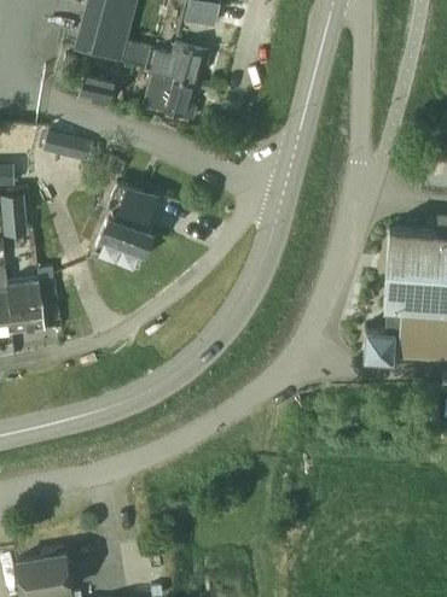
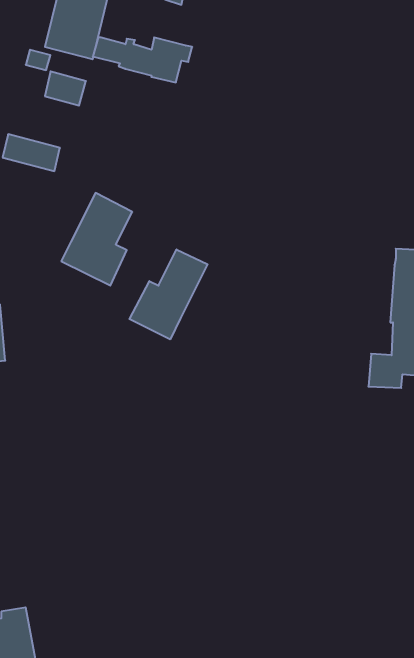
building: [143,71,197,118] -> none
building: none -> [129,249,208,339]

